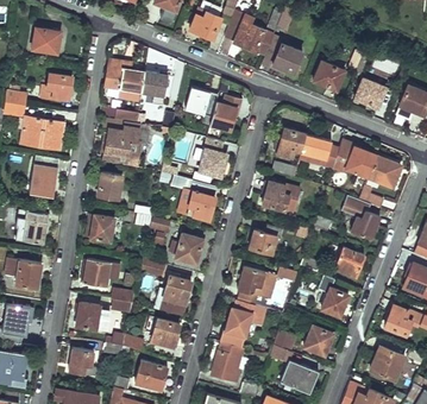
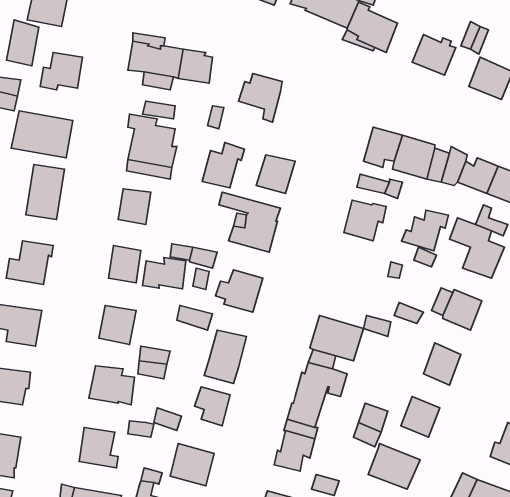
building: none -> [7,20,39,66]
building: [211,96,241,130] -> [202,143,244,188]
building: none -> [143,258,186,289]
building: [249,226,283,255] -> [401,210,448,251]

